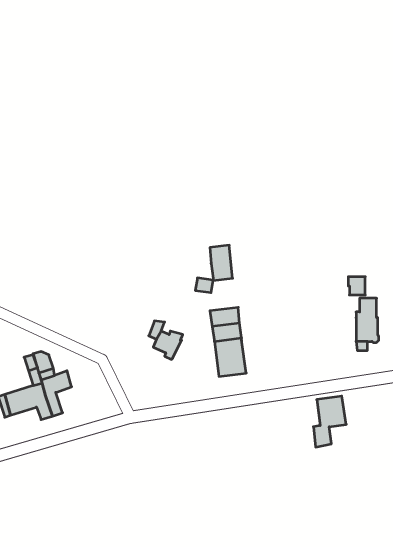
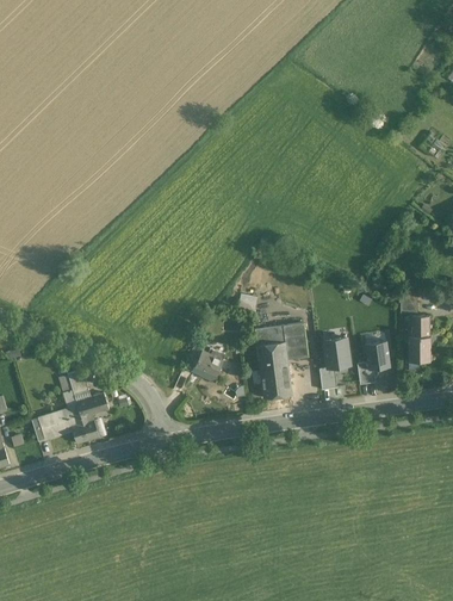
building: [210,245,233,280] -> [283,323,306,360]
building: none -> [359,341,387,383]
building: [313,396,346,447] -> [319,336,354,390]

